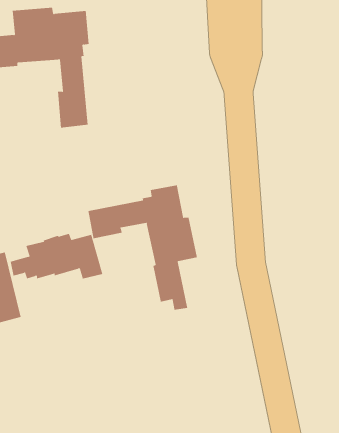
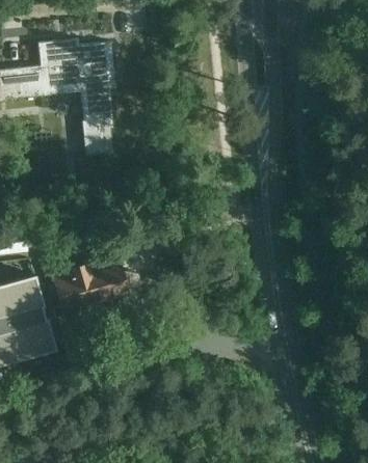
building: [88,184,198,310] -> none

